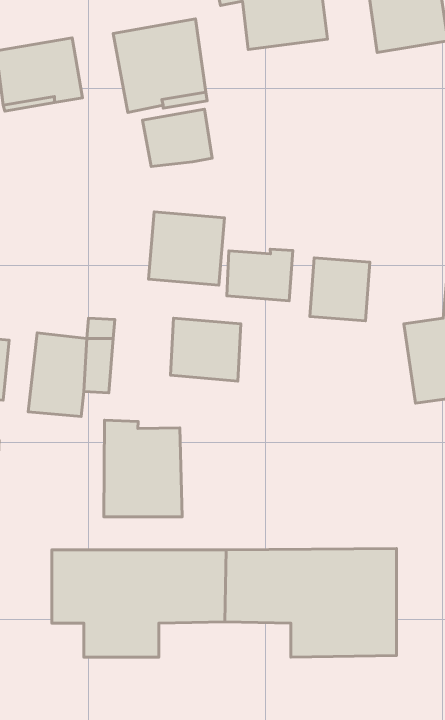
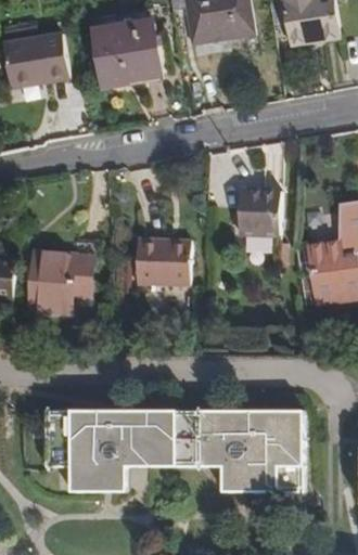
building: [143,109,212,167] -> none
building: [149,212,224,285] -> none
building: [227,249,293,301] -> none
building: [104,420,182,517] -> none

